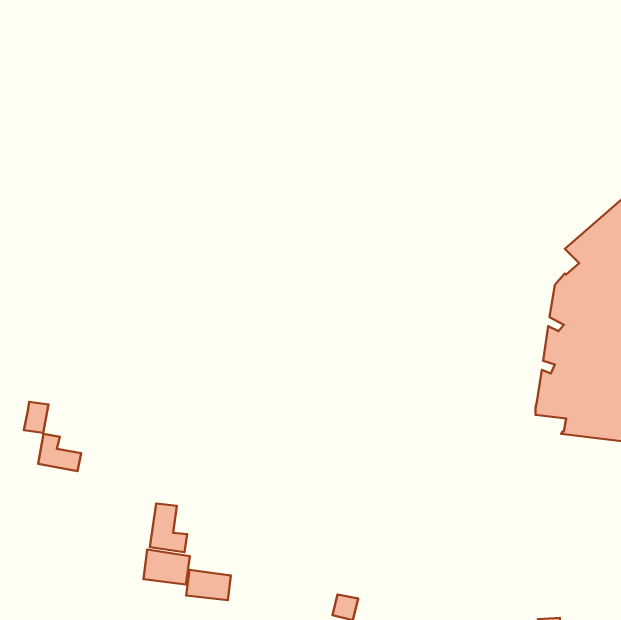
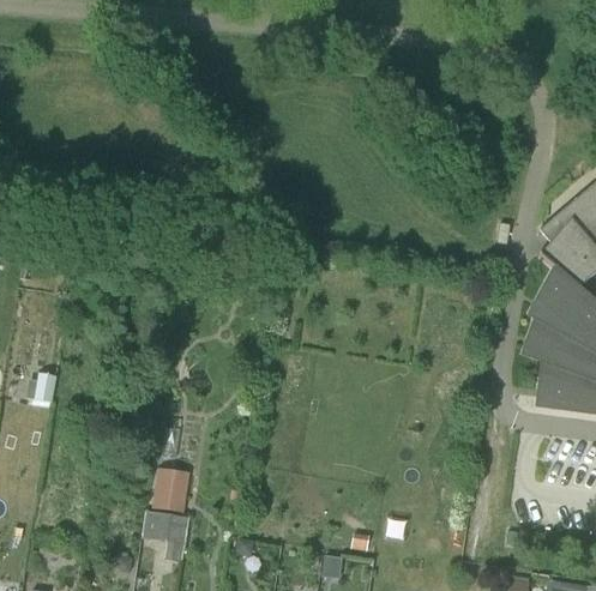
building: [38,434,81,471] -> none
building: [186,570,231,600] -> none

